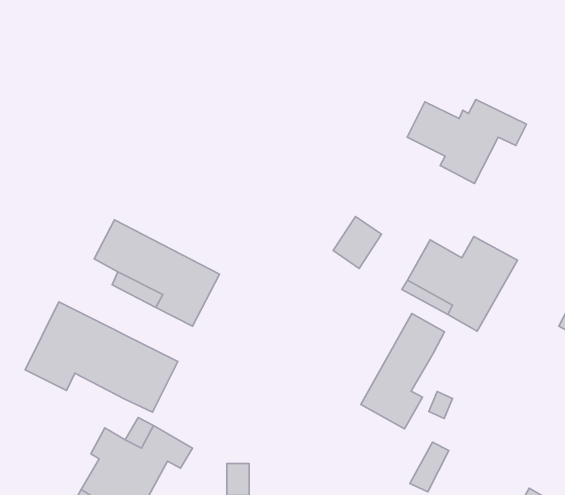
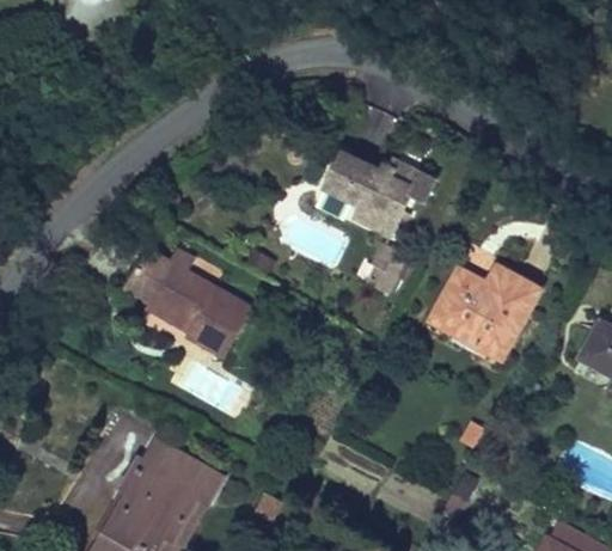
building: [407,99,527,183] -> [320,151,441,235]
building: [25,302,178,412] -> none
building: [361,313,444,429] -> none

